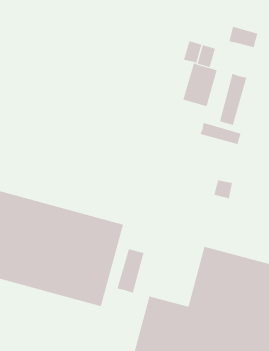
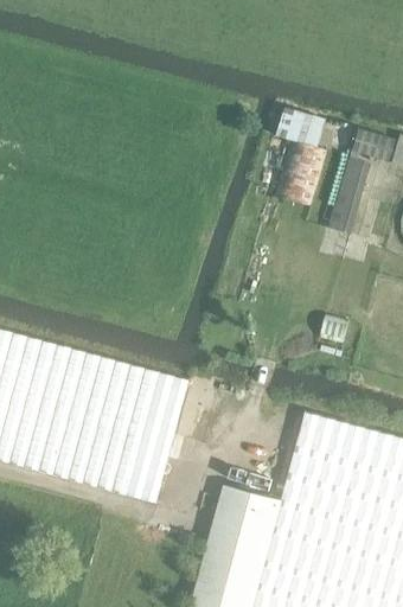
building: [229,26,258,48] -> [351,129,395,161]
building: [200,122,241,145] -> none
building: [117,248,144,294] -> none

